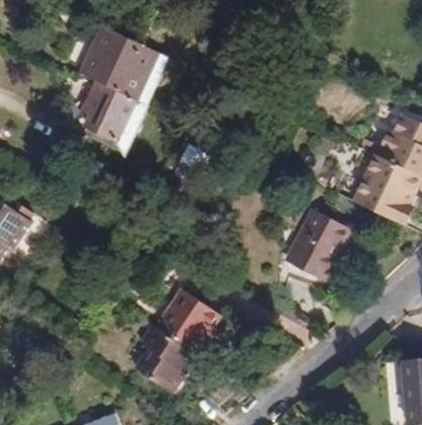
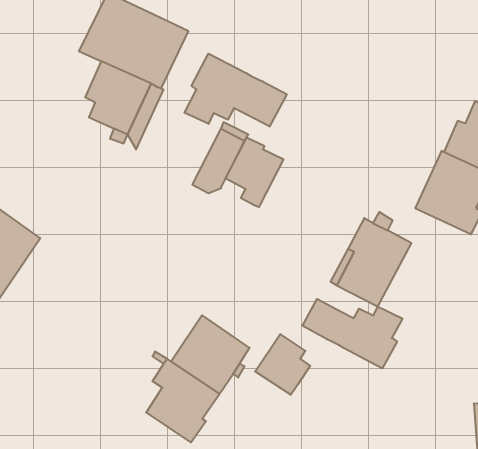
building: none -> [184,54,287,127]
building: none -> [226,137,283,207]
building: none -> [302,299,402,368]
building: none -> [255,334,310,395]

